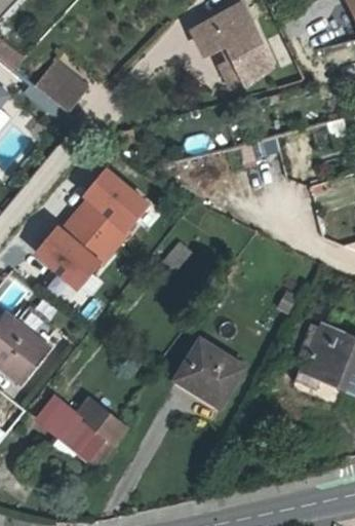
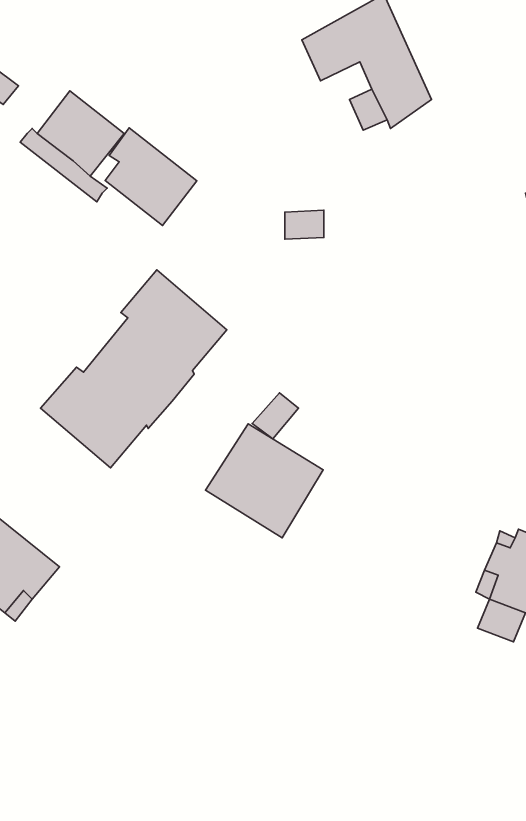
building: none -> [105,128,197,225]
building: [174,338,245,407] -> [205,424,323,538]
building: [36,396,126,466] -> none

